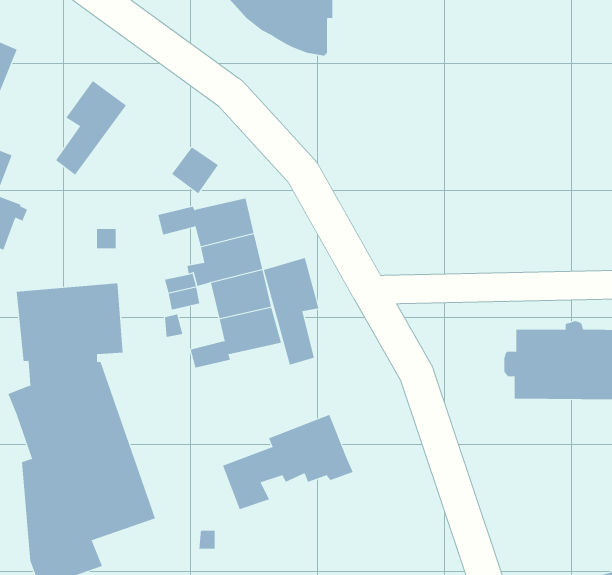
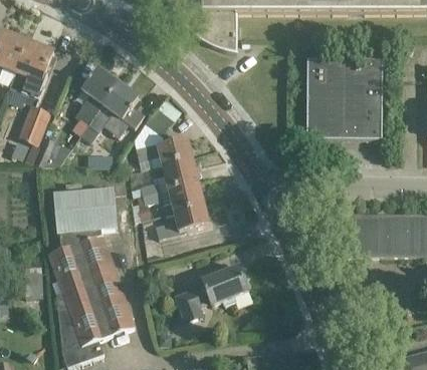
building: none -> [307,58,384,139]
building: none -> [81,82,145,141]
building: [263,257,319,365] -> none

